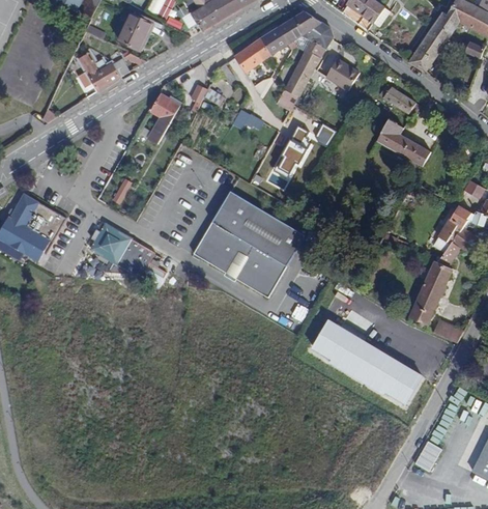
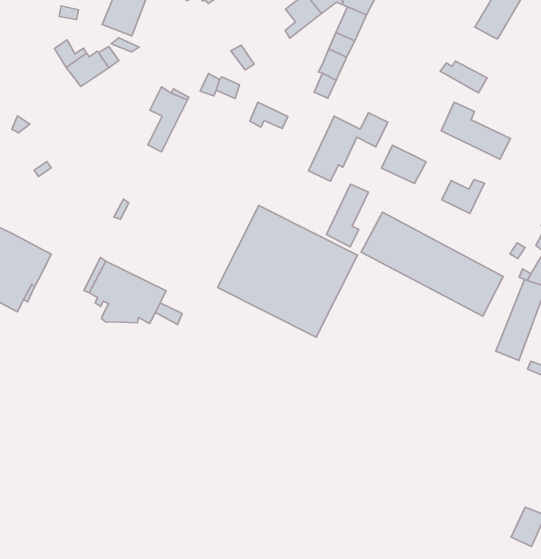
building: [235,38,268,73] -> none
building: [324,58,358,90] -> none
building: none -> [382,145,426,183]
building: none -> [326,184,368,247]
building: none -> [442,180,484,213]
building: [311,321,421,407] -> [361,212,503,316]

